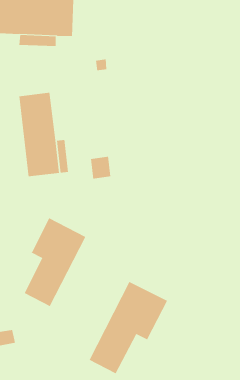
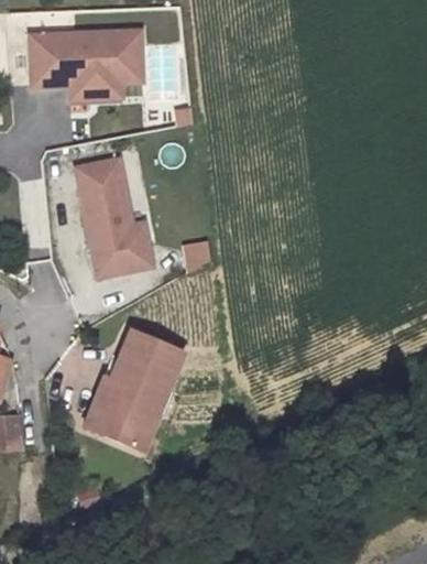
building: none -> [84,376,125,435]
building: [89,281,168,374] -> none

